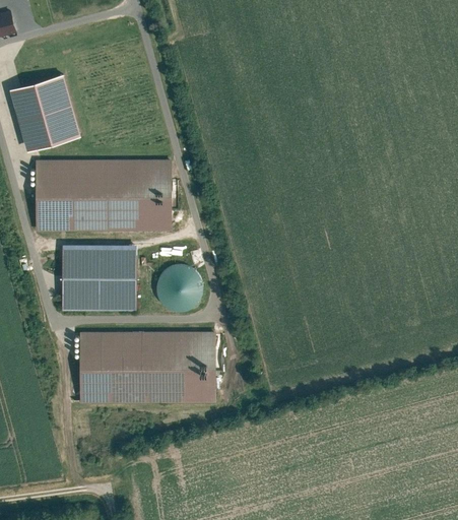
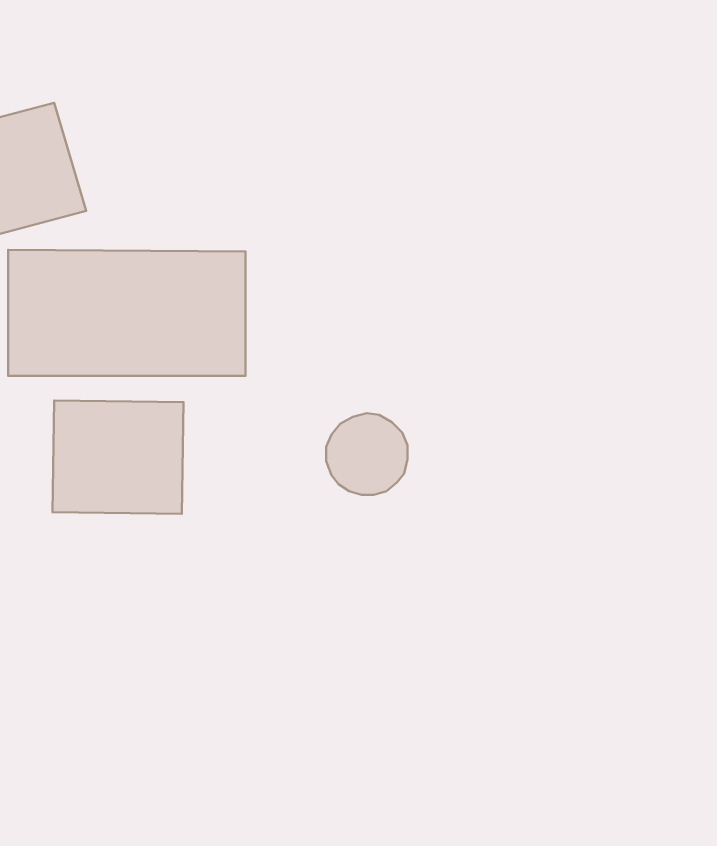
building: [155,264,202,311] -> [326,413,408,495]
building: [79,331,215,403] -> none

